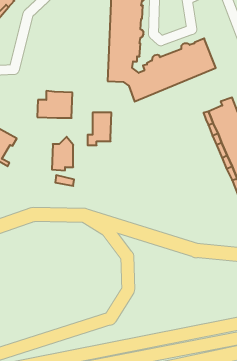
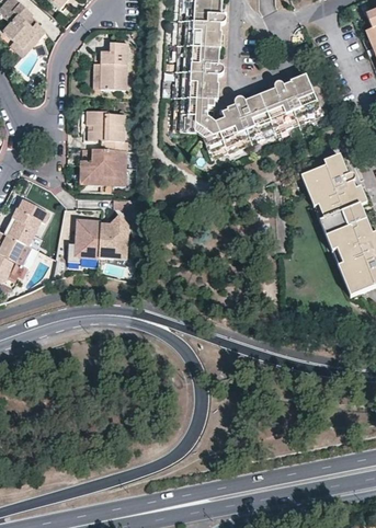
building: none -> [102,39,128,87]
building: none -> [88,108,126,149]
building: [88,113,111,145] -> [68,218,100,262]

